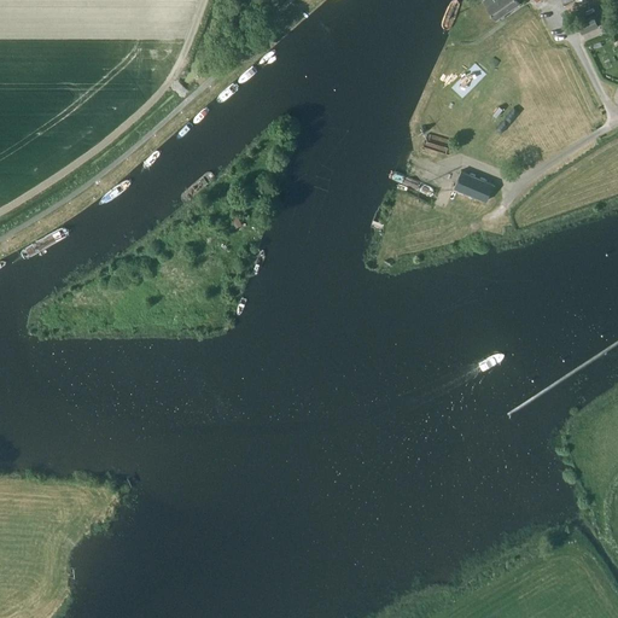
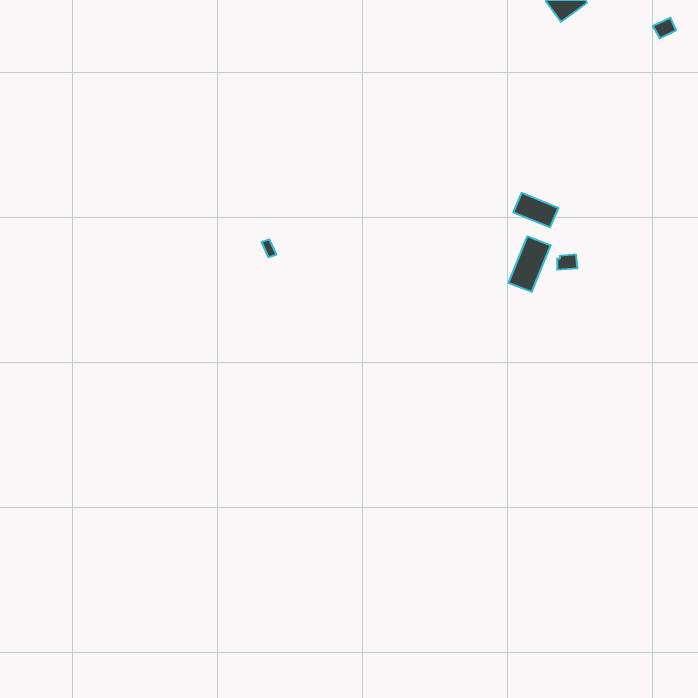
building: none -> [509,236,551,292]

